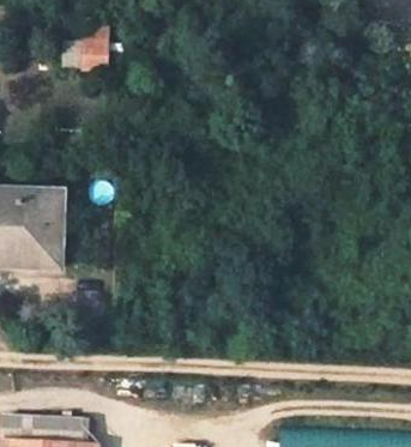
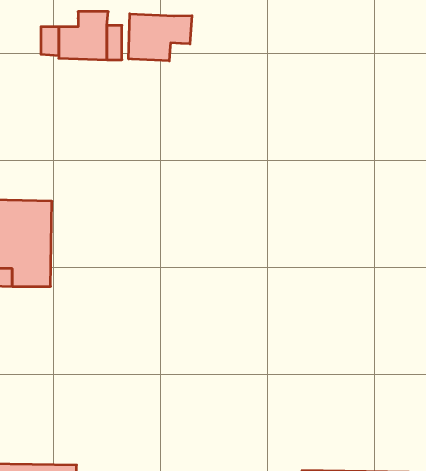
building: none -> [129,14,192,61]

